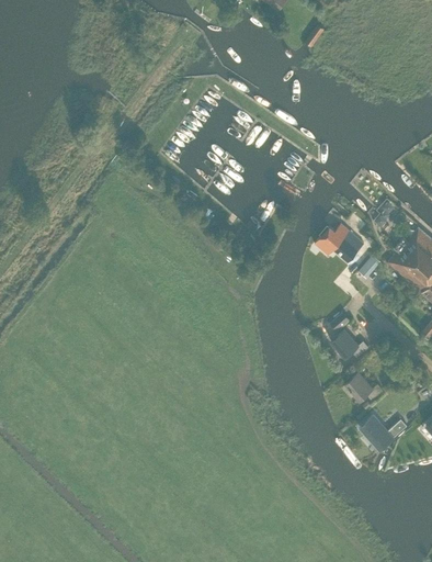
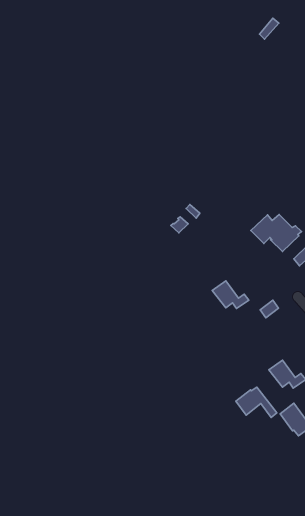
building: [330,330,368,358] -> [212,281,249,309]
building: none -> [236,387,277,418]

